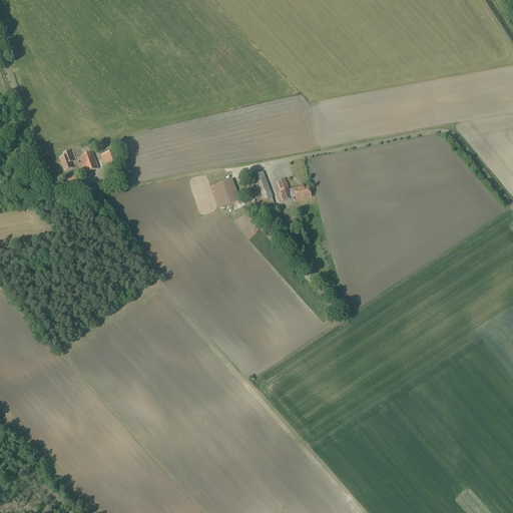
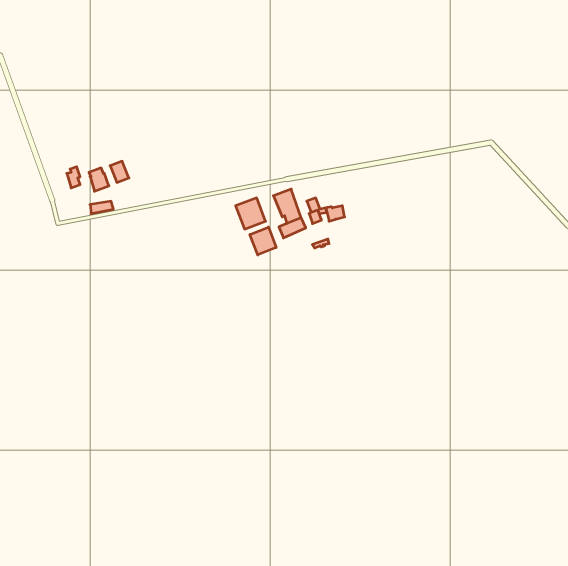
building: none -> [250,227,276,255]

